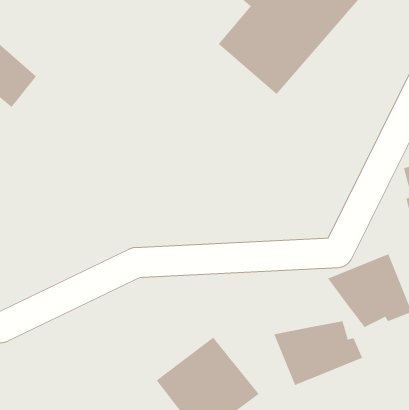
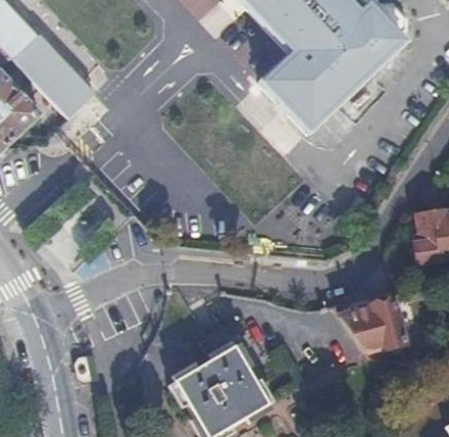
building: [274,320,363,386] -> none

